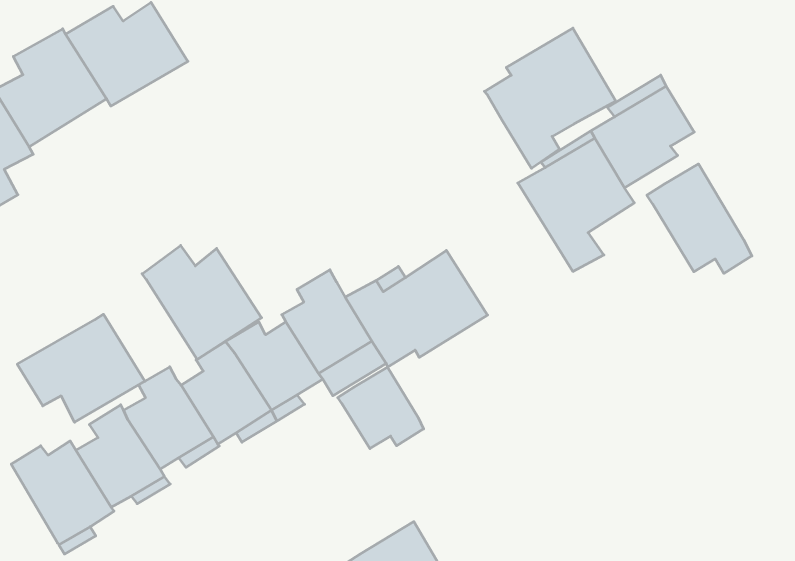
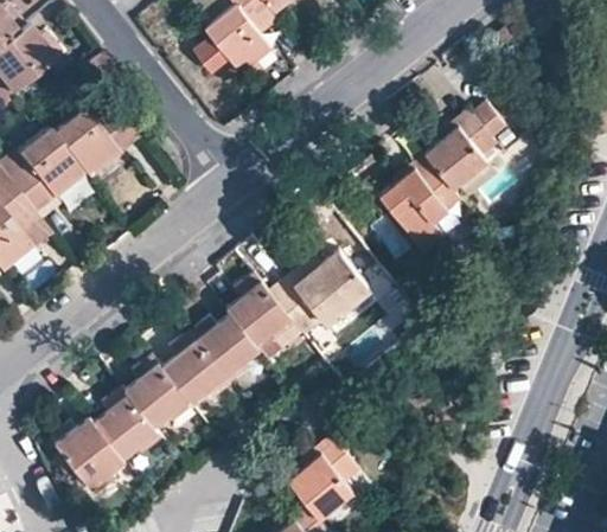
building: [484,28,616,168] -> none
building: [647,164,752,273] -> none
building: [142,245,262,359] -> none
building: [17,314,145,422] -> none
building: [338,367,424,449] -> none

